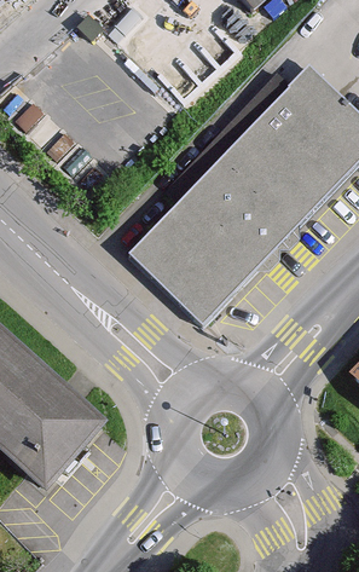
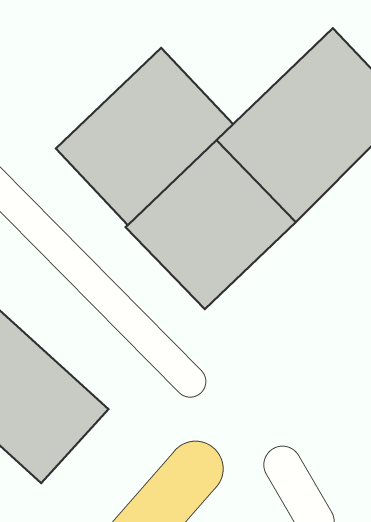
building: none -> [56,48,233,225]

